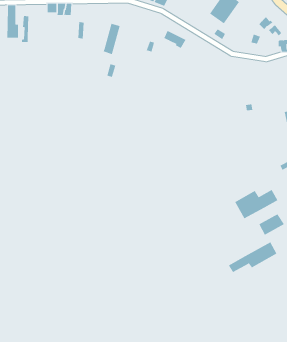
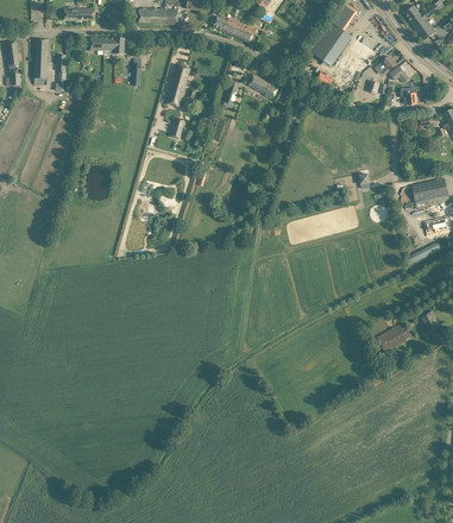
building: [234,189,278,219] -> none
building: [228,242,277,273] -> none

